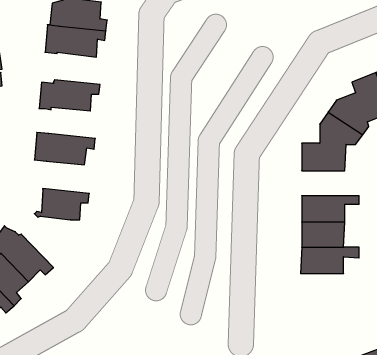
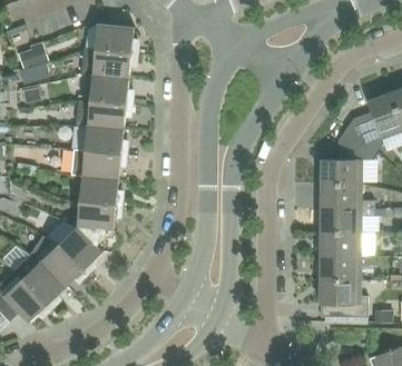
building: none -> [85,73,134,103]
building: none -> [85,125,129,154]
building: none -> [73,175,124,205]
building: none -> [321,184,374,207]
building: none -> [59,226,105,274]
building: none -> [320,279,369,317]

